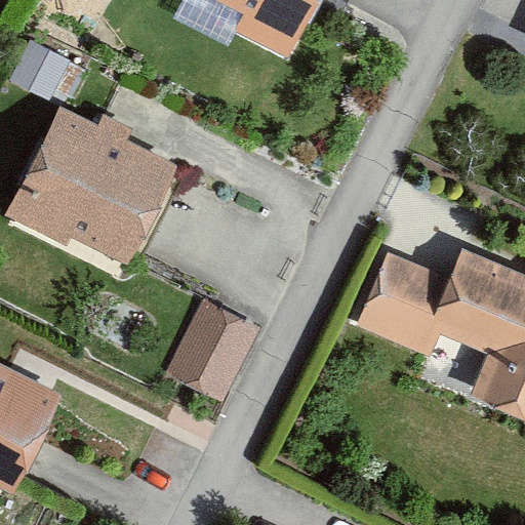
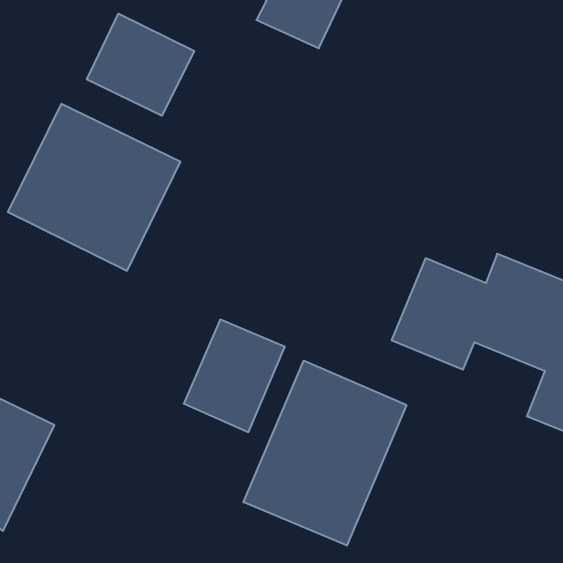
building: none -> [87,14,194,116]
building: none -> [243,361,406,546]

